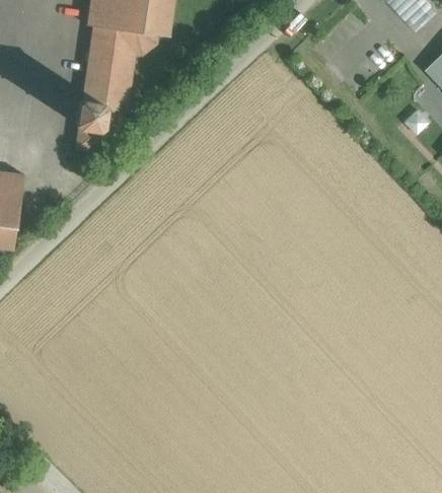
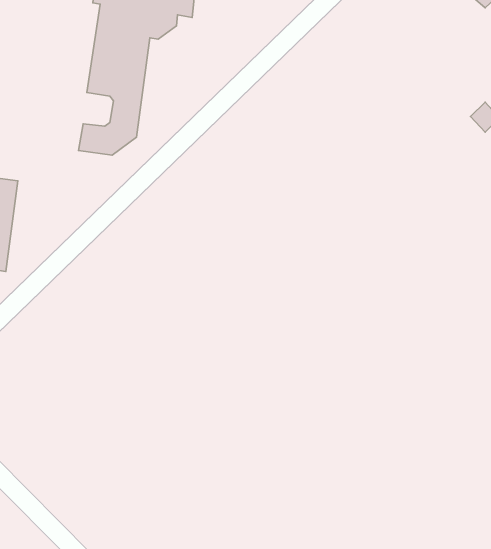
building: [75,99,103,128] -> none

